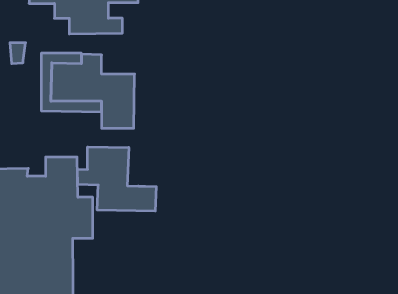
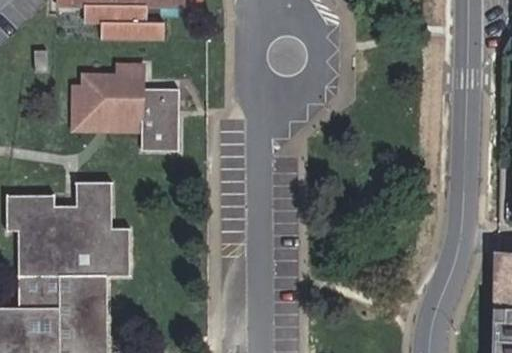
building: [77,147,156,211] -> none

